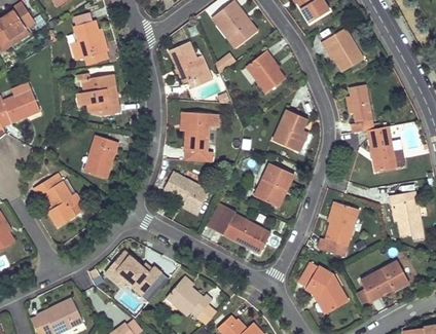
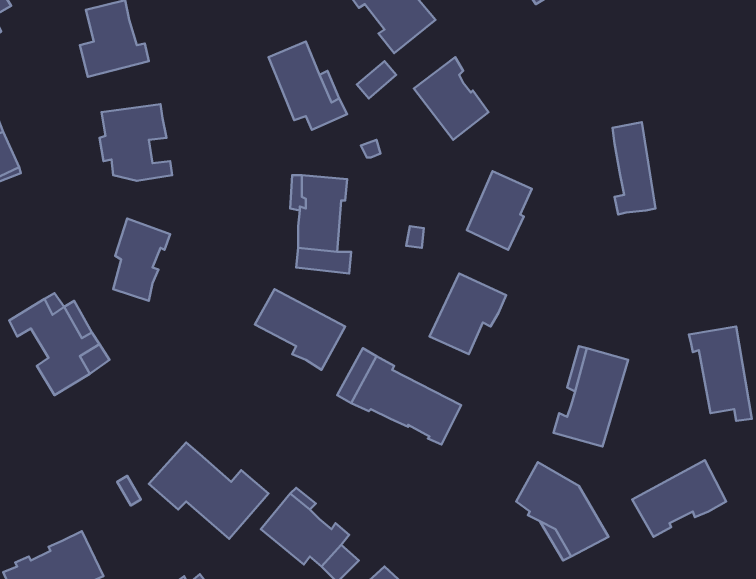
building: [321,29,363,72] -> none
building: [367,126,404,172] -> none

